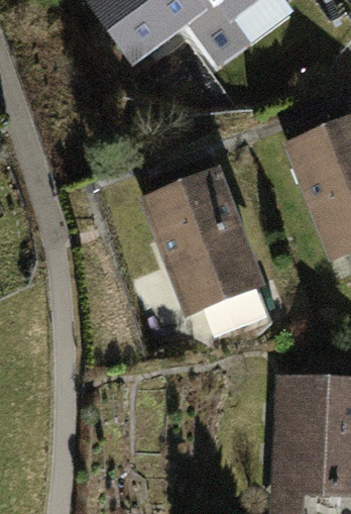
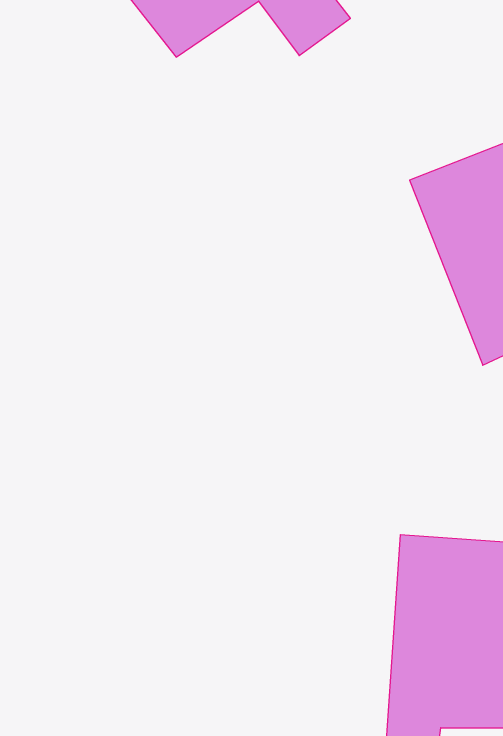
building: [140,169,264,315] -> none

